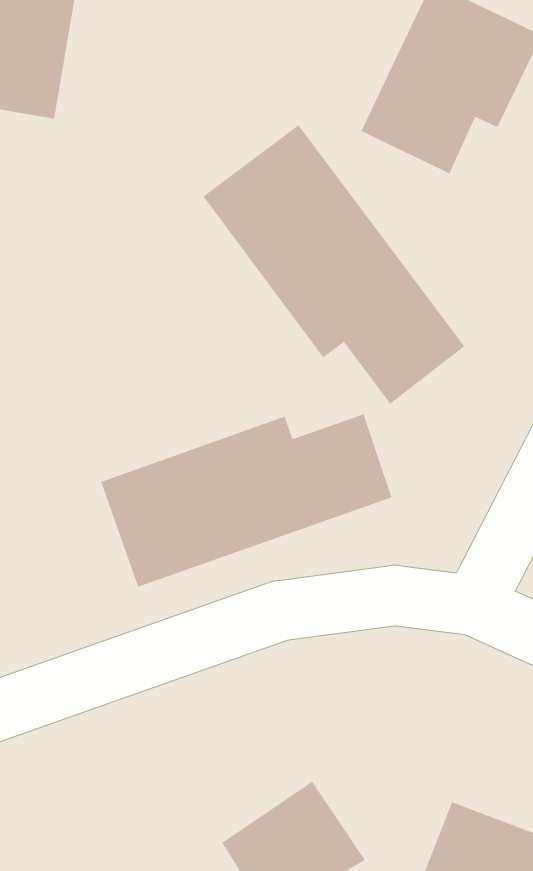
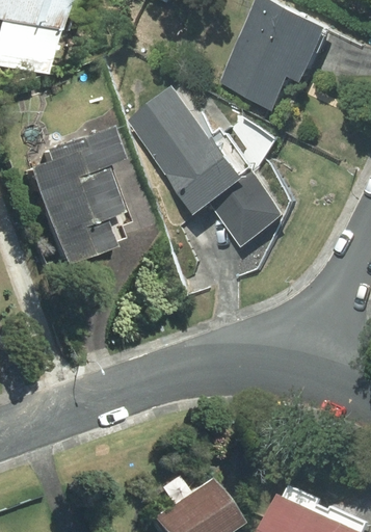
building: none -> [25,118,123,267]
building: [101,413,392,587] -> none

